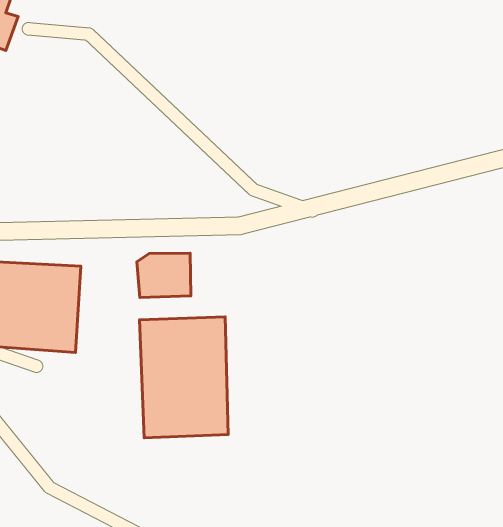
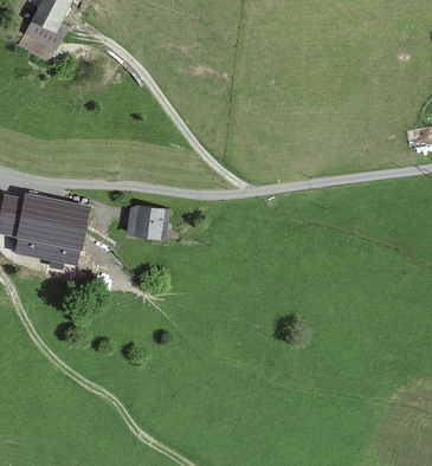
building: [139,317,228,438] -> none

